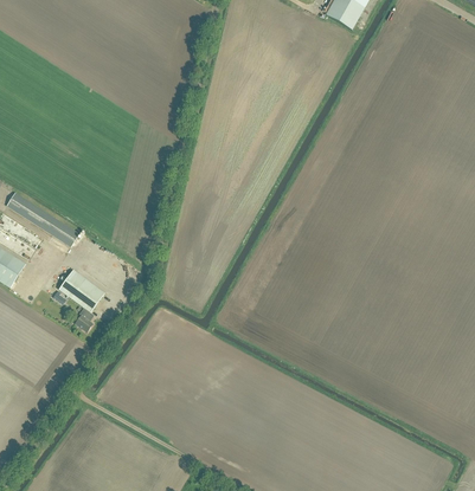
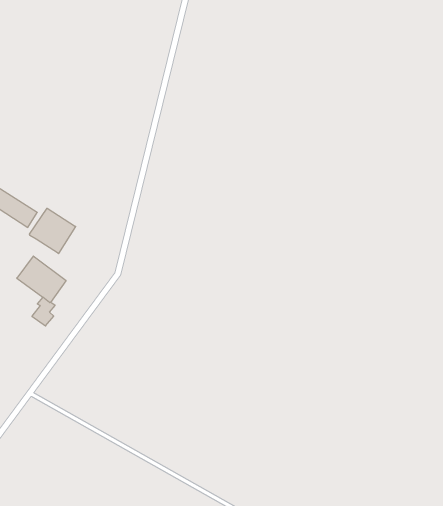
building: none -> [30,208,76,254]

